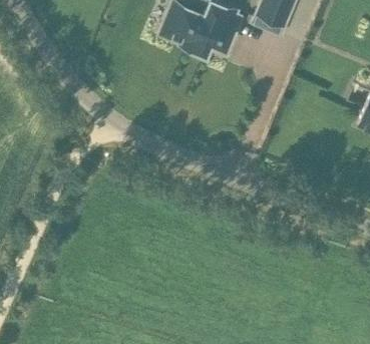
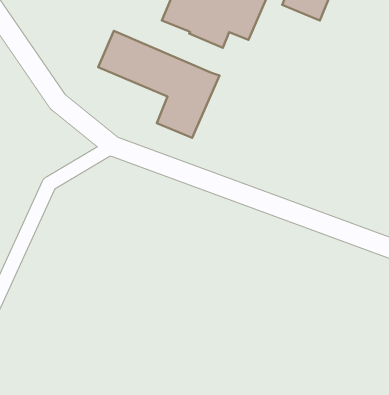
building: none -> [98,31,220,138]

